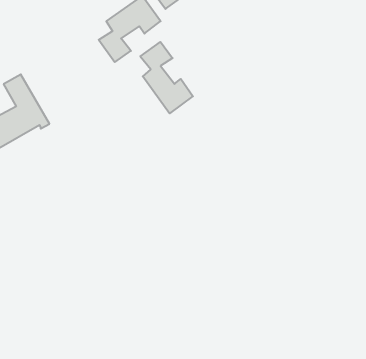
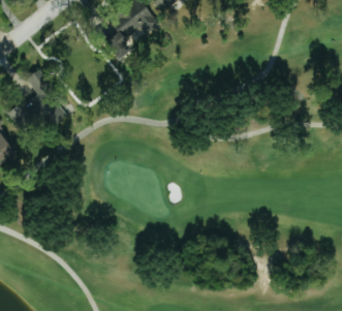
building: [140,42,193,113] -> none

